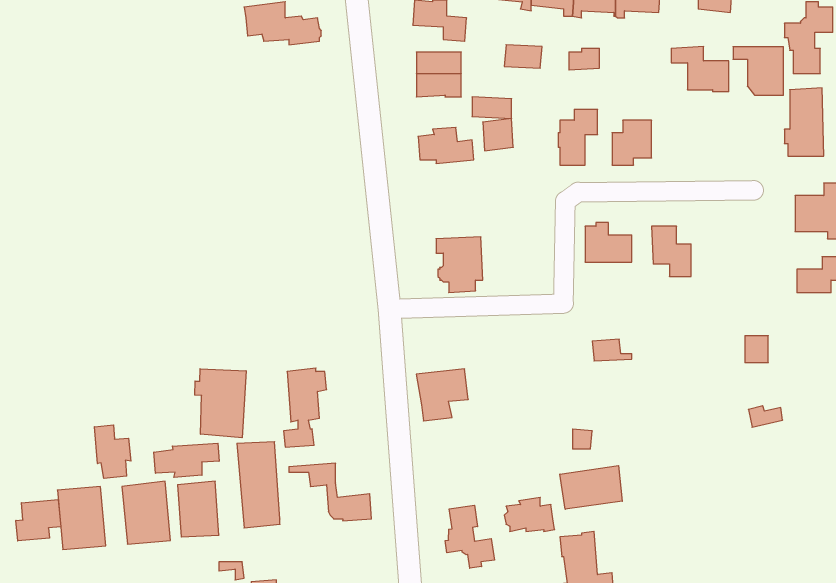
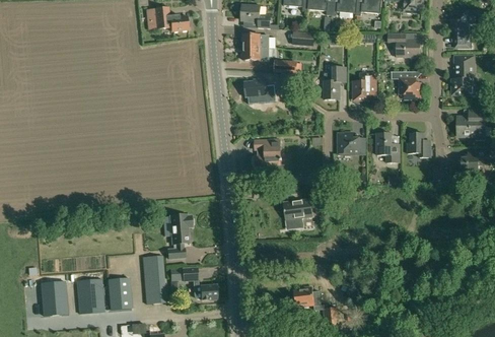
building: [733,47,783,95] -> [392,71,420,98]
building: none -> [407,132,430,157]
building: [195,369,246,438] -> none
building: [416,369,468,421] -> [284,199,313,228]
building: [94,425,131,478] -> none
building: [154,443,219,477] -> none
building: [560,466,622,509] -> none
building: [16,499,61,541] -> none
building: [445,505,494,568] -> none

